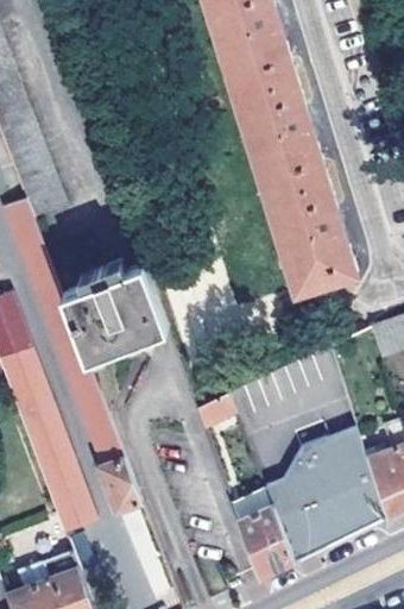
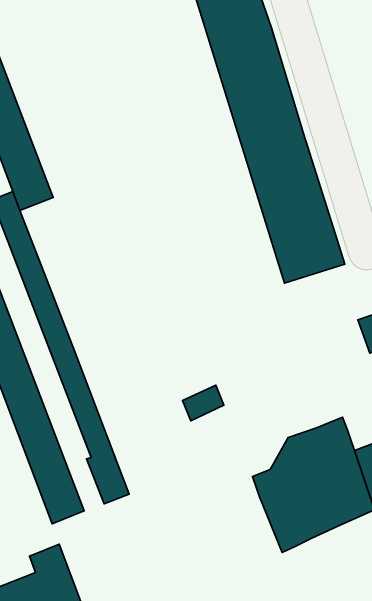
building: [61,259,164,357] -> none
building: [236,503,293,576] -> none

